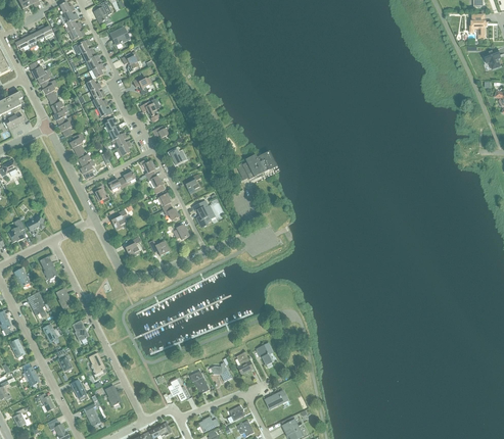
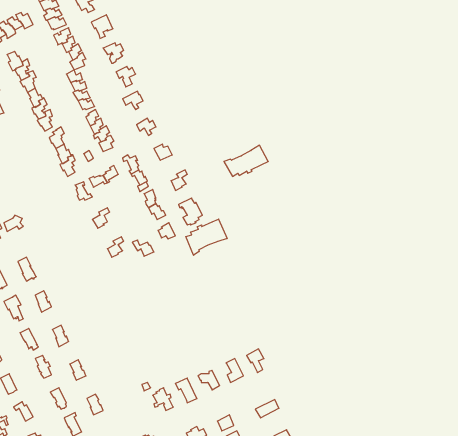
building: none -> [186,219,227,255]

